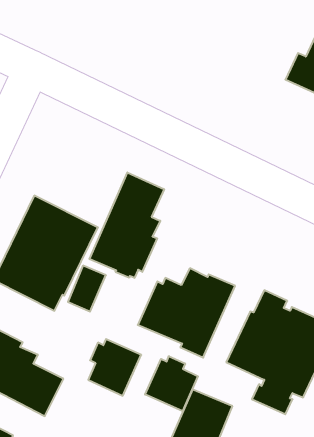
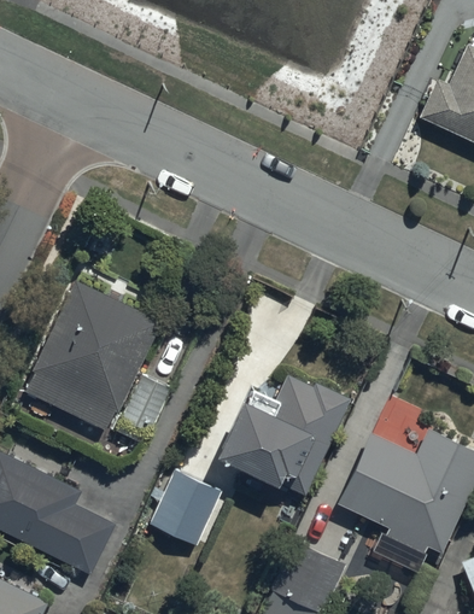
building: [89,172,164,278] -> none
building: [145,356,198,411] -> none

